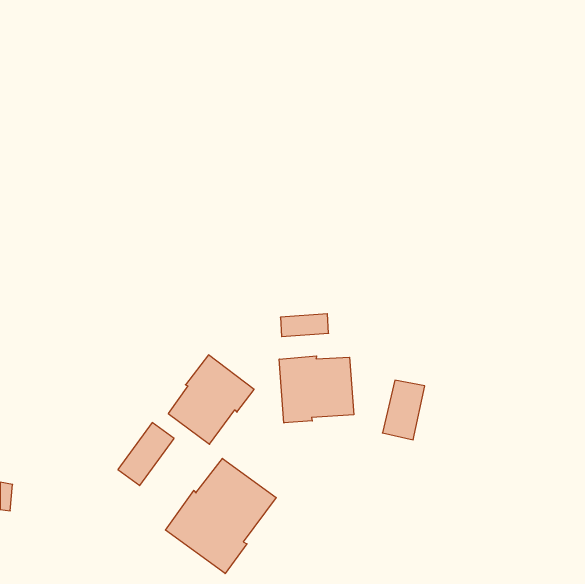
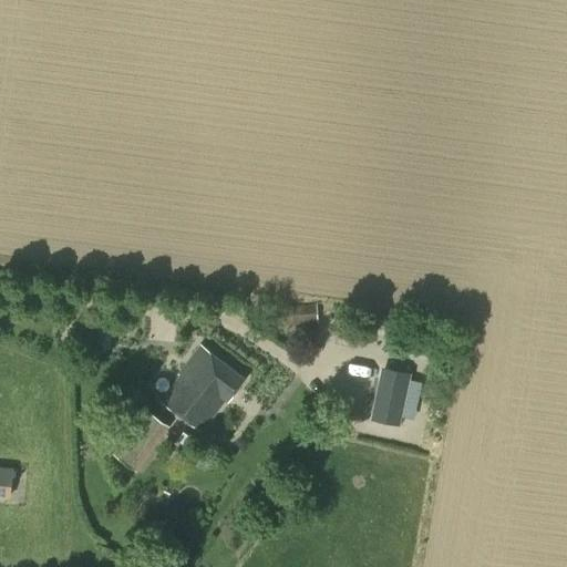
building: [279,356,354,423] -> none
building: [165,458,276,574] -> none

